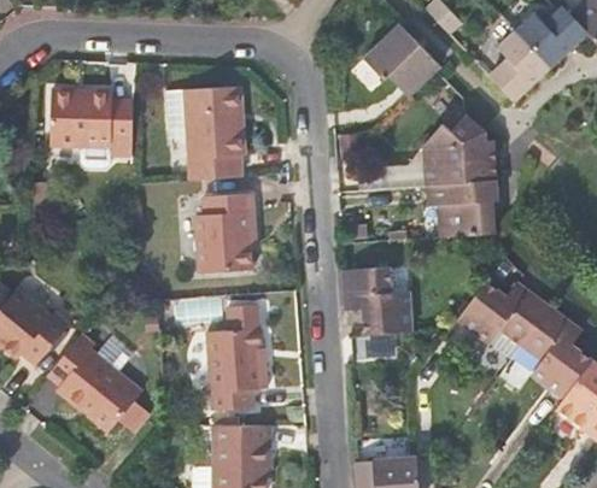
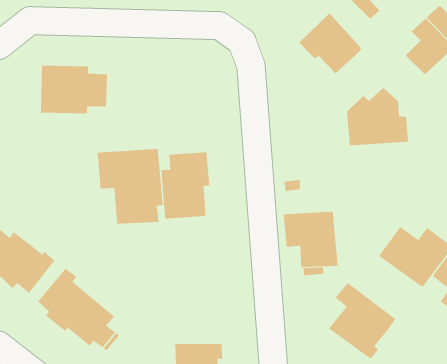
building: [166,87,247,178] -> [97,149,163,224]
building: [426,180,498,236] -> none
building: [205,304,267,407] -> none
building: none -> [328,282,396,360]

